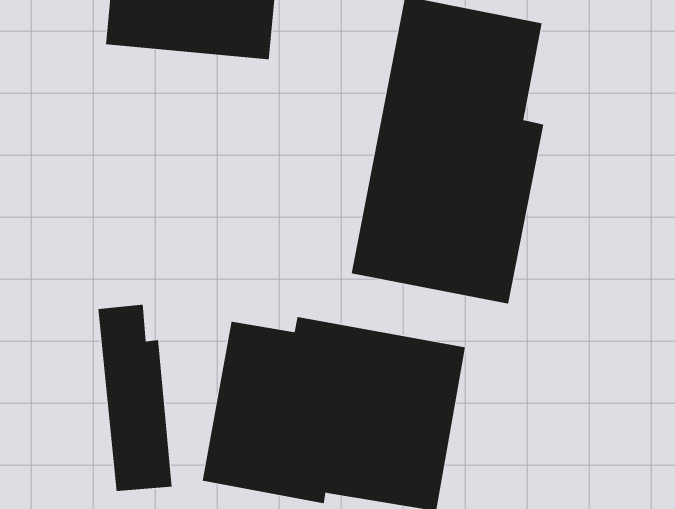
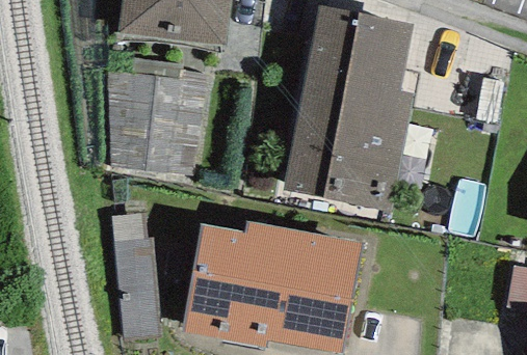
building: none -> [107,56,214,174]

